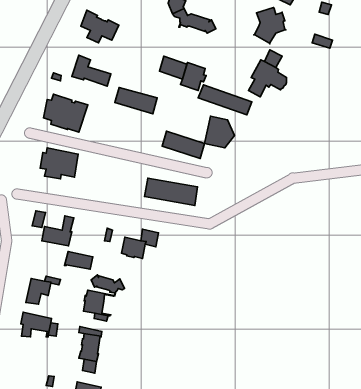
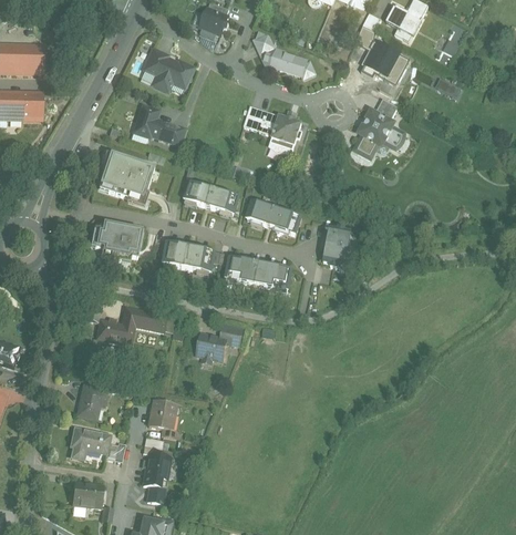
building: [198,85,252,115] -> none
building: [115,87,157,114] -> [185,181,238,214]
building: [204,116,234,148] -> [322,226,360,266]
building: none -> [166,243,214,276]
building: [65,251,93,269] -> [132,308,167,330]
building: [91,275,125,296] -> none
building: none -> [72,482,103,507]

